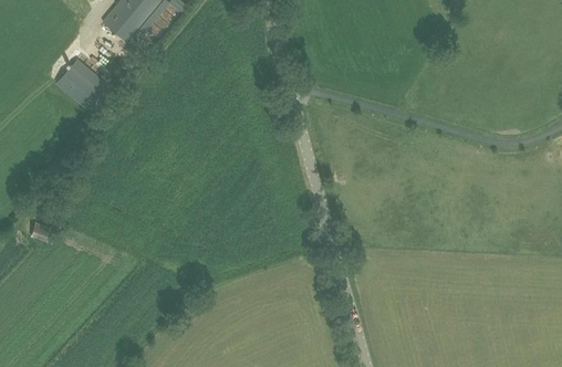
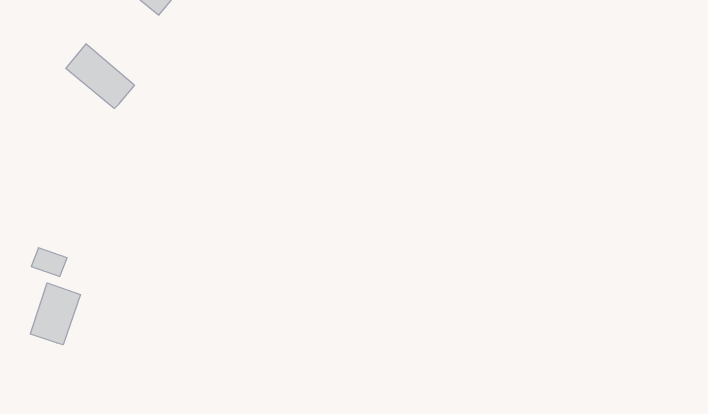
building: none -> [31,283,81,345]

